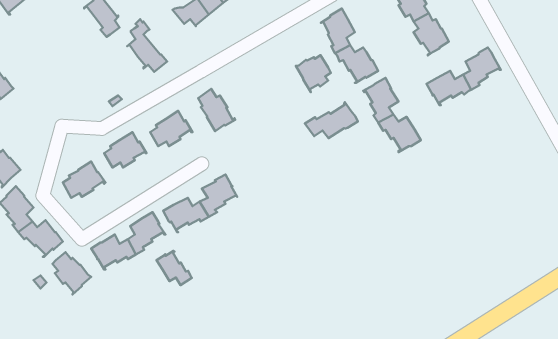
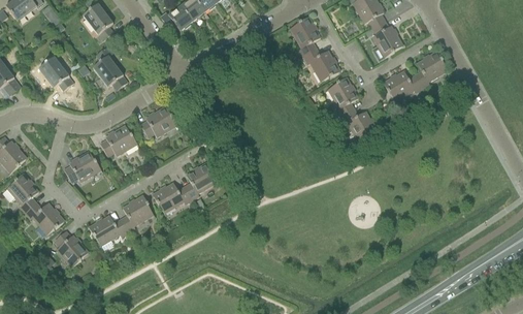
building: [127,19,167,72] -> [93,44,128,91]
building: none -> [38,57,73,92]
building: [296,55,331,92] -> none
building: [198,89,235,131] -> none
building: [305,102,358,138] -> none
building: [157,251,192,285] -> none

